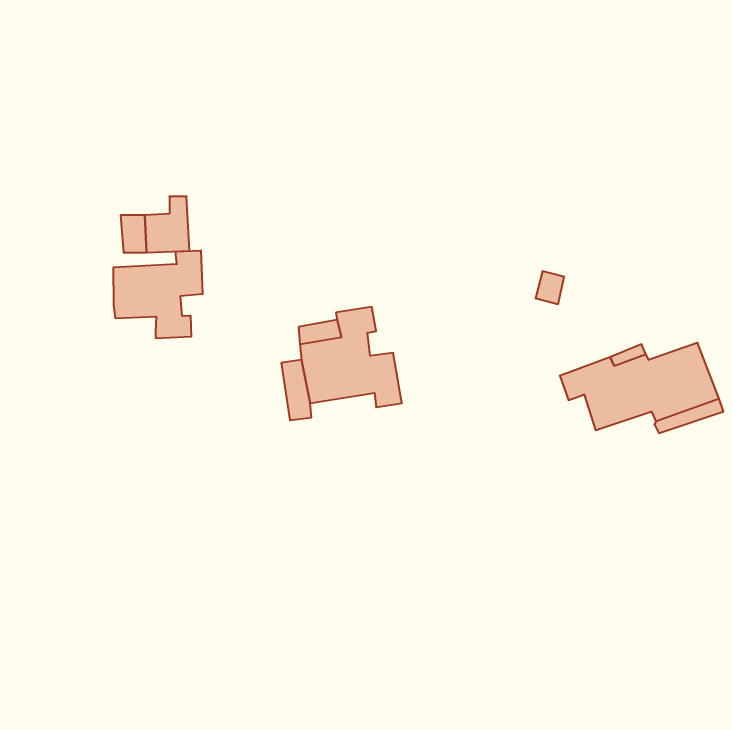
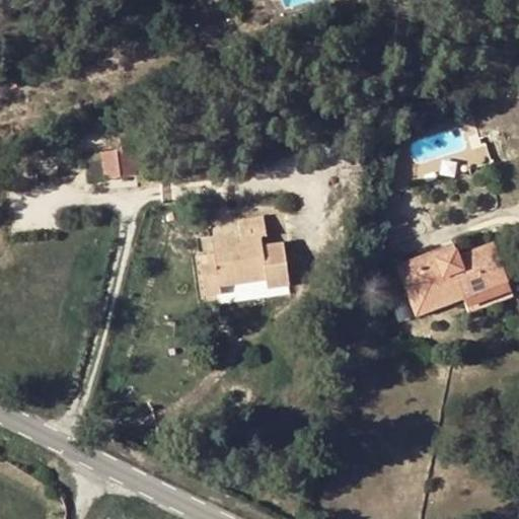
building: [114,250,203,338] -> none
building: none -> [402,279,464,316]

